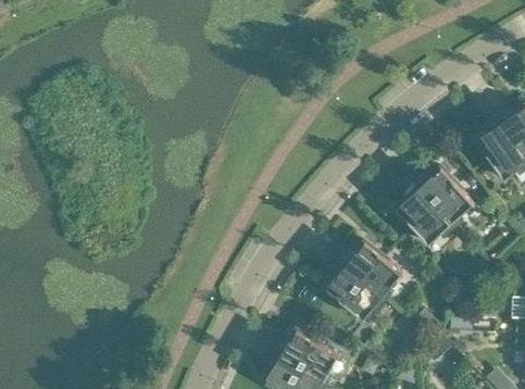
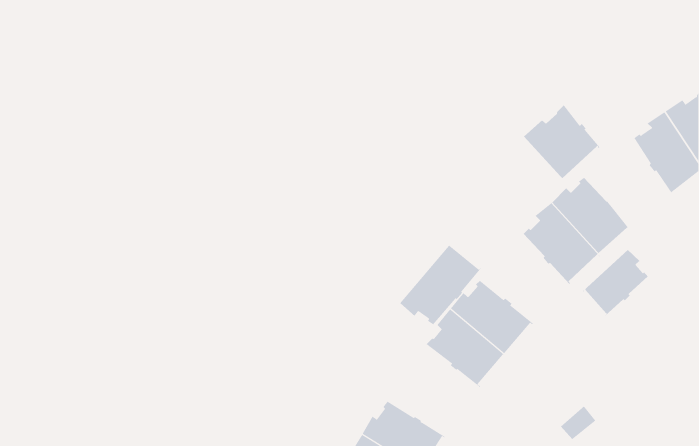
building: none -> [523,105,600,181]
building: none -> [400,241,482,325]
building: none -> [582,249,649,316]

